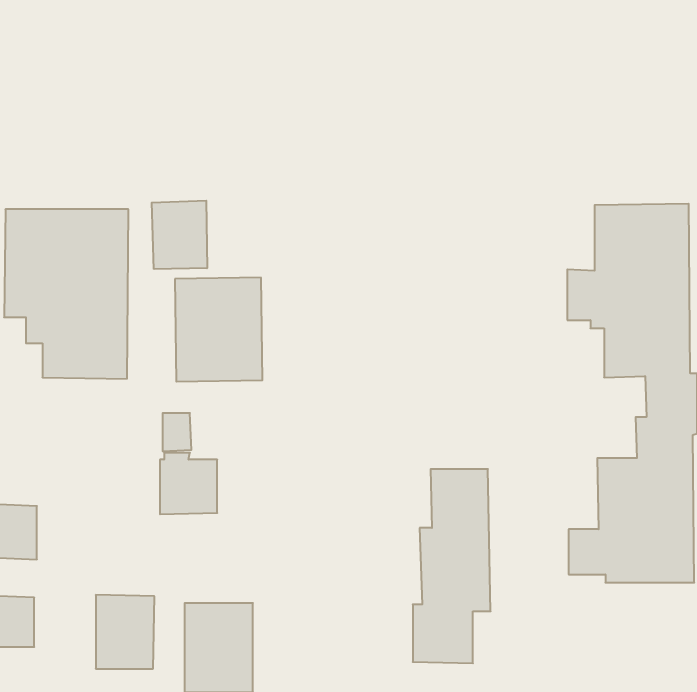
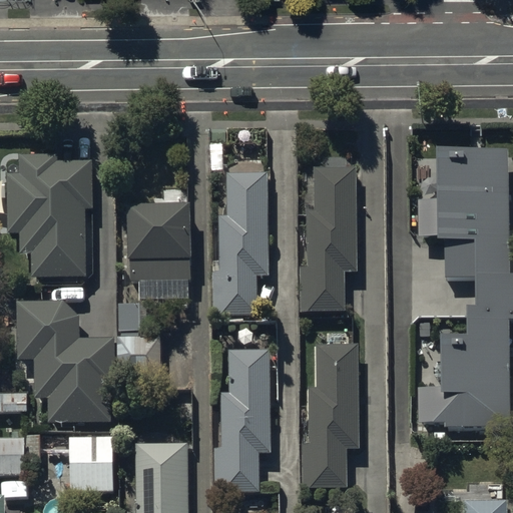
building: [152,201,207,269] -> none
building: none -> [300,165,357,308]
building: none -> [210,171,270,315]
building: none -> [17,301,115,421]
building: none -> [214,349,270,492]

